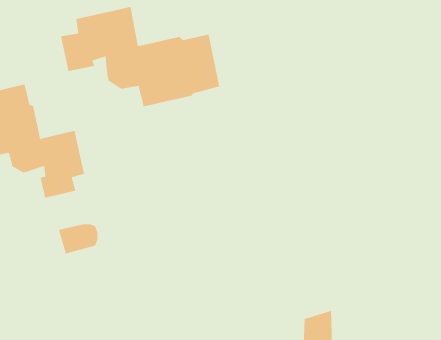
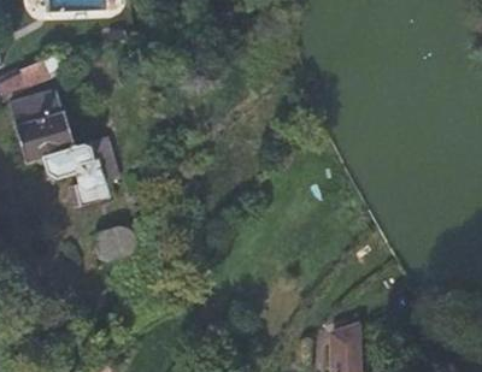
building: [61,6,220,107] -> none

